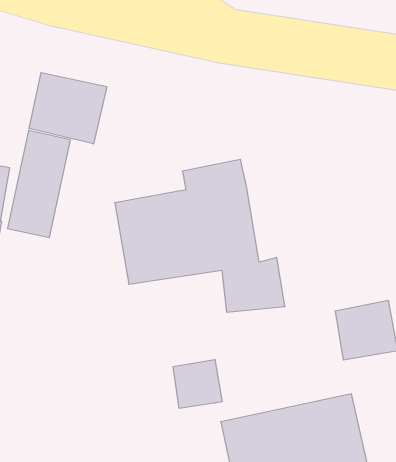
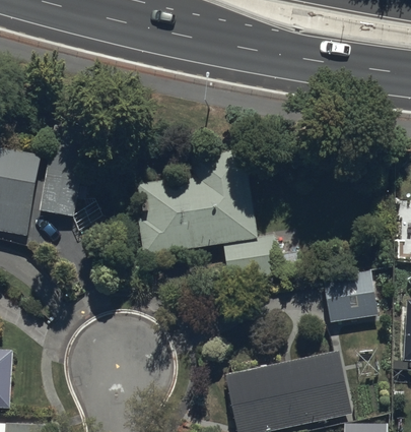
building: [29,72,107,144] -> none
building: [173,359,222,408] -> none

